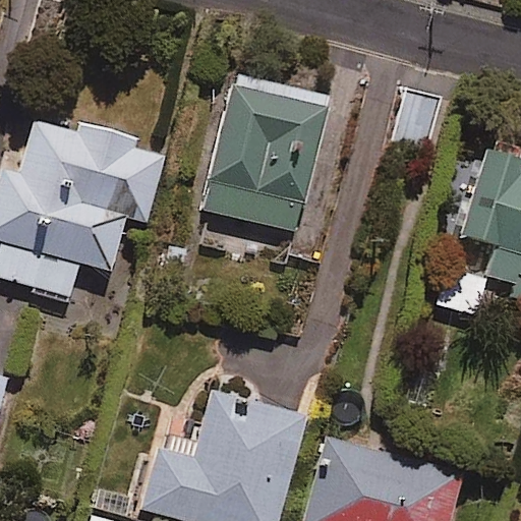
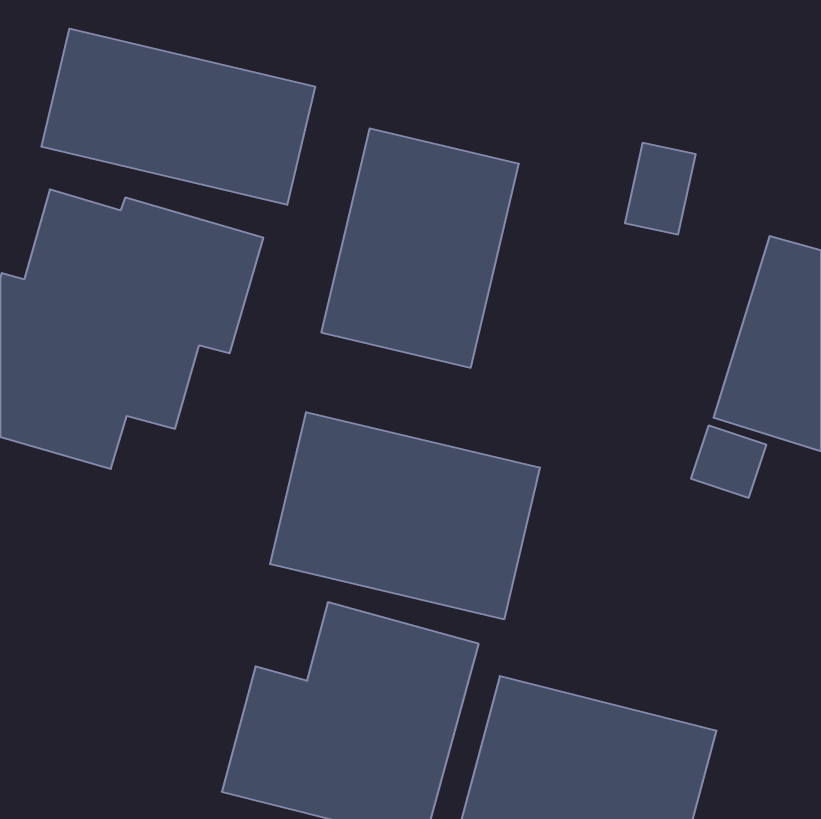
building: none -> [42,29,315,205]
building: none -> [270,412,540,619]

